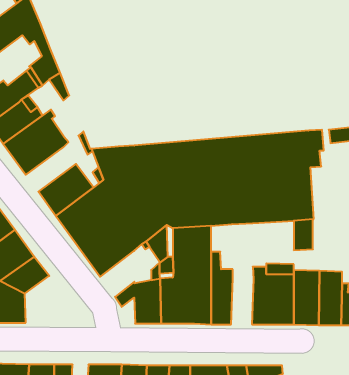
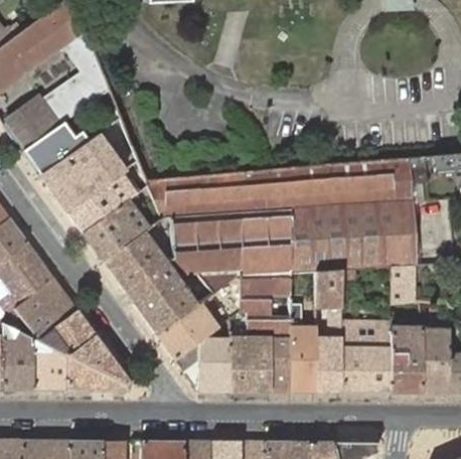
building: none -> [67,178,128,232]
building: none -> [316,270,341,307]
building: none -> [157,303,216,358]
building: none -> [66,333,130,390]
building: none -> [315,336,342,392]

